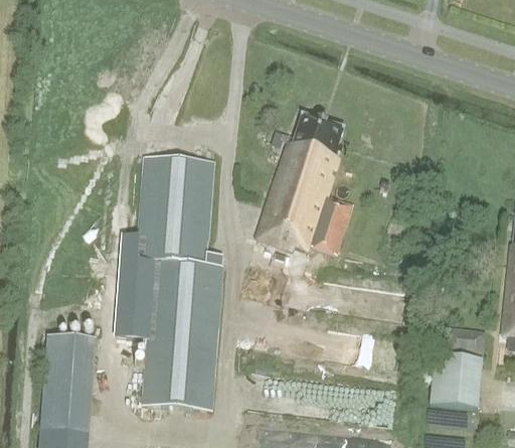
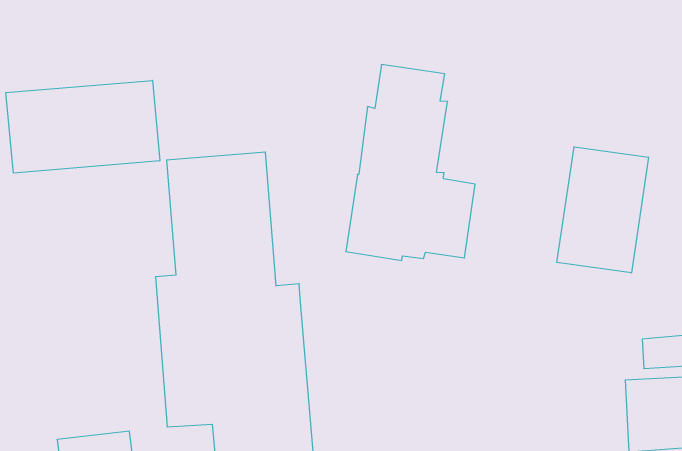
building: none -> [6,80,160,173]
building: none -> [557,147,649,273]

